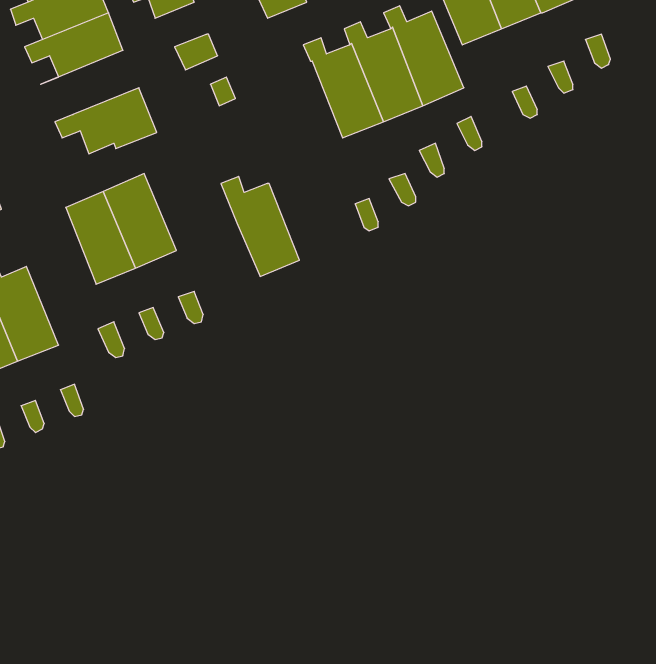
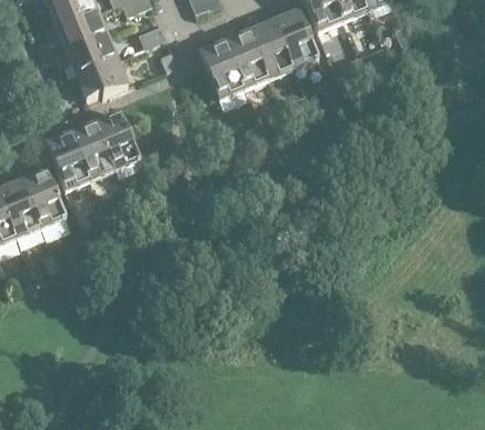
building: none -> [55,34,116,74]
building: [221,176,299,276] -> [194,37,242,99]
building: none -> [44,132,89,190]

